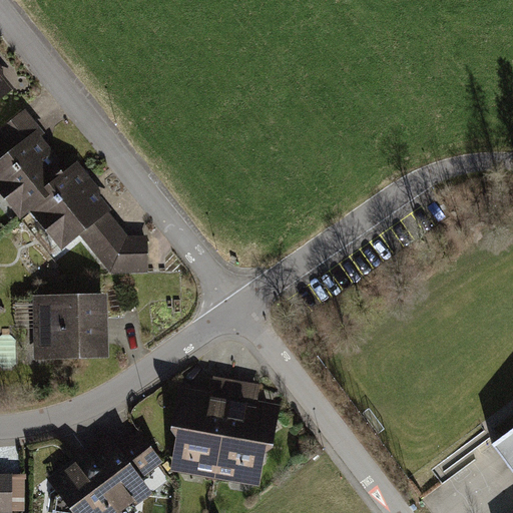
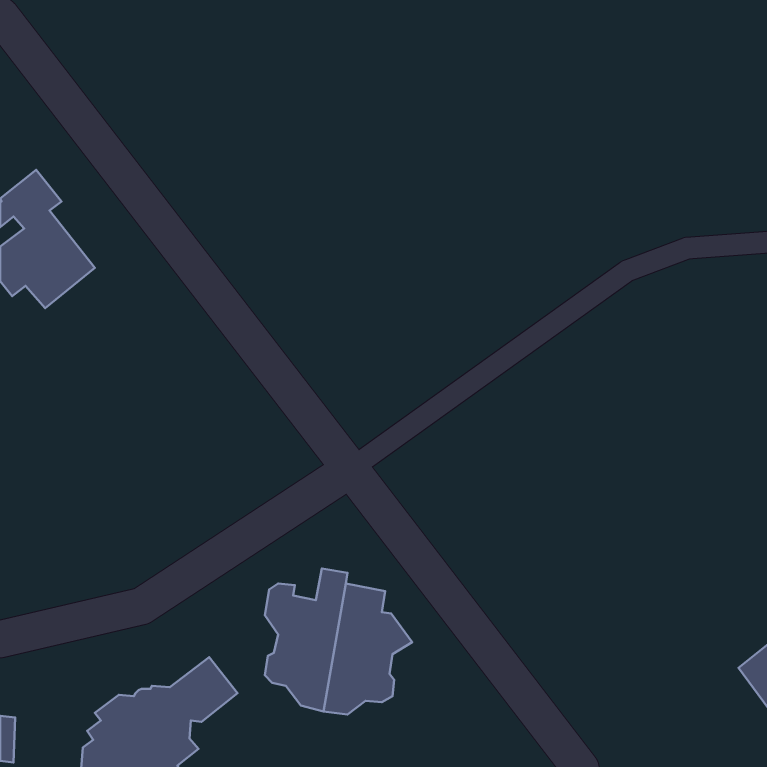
building: [31,171,120,250] -> none
building: [100,240,146,271] -> none
building: [38,301,105,355] -> none

